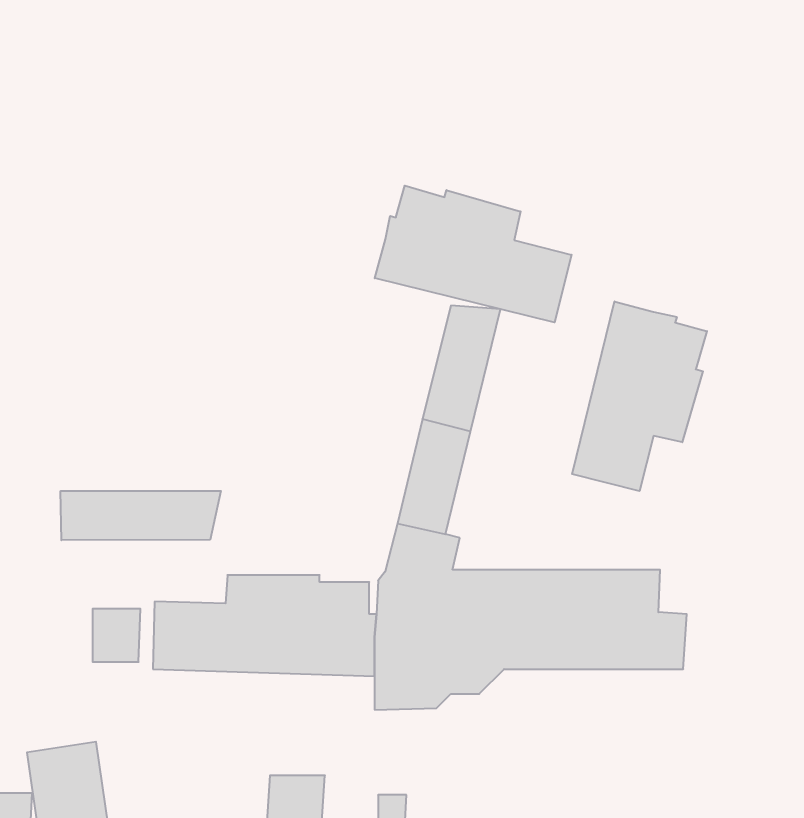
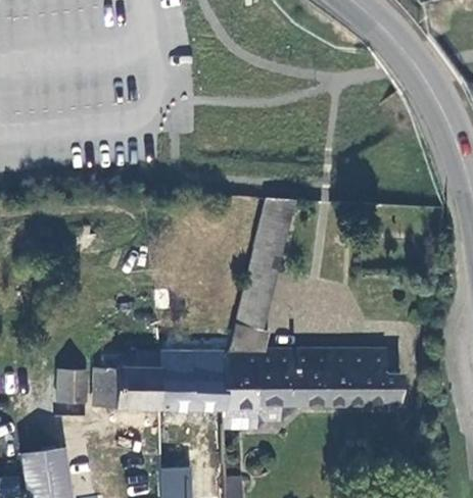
building: [375,186,572,322] -> none
building: [572,301,707,491] -> none
building: [61,491,221,540] -> none

